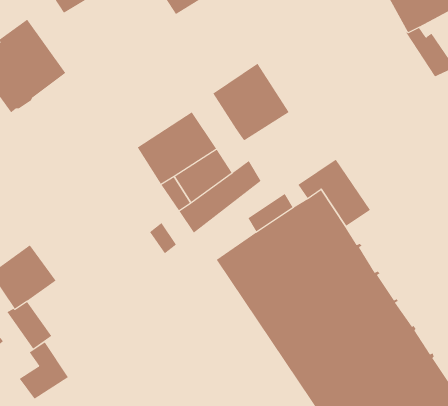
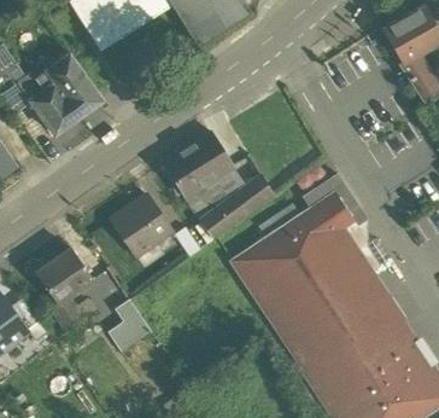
building: [212,63,290,141] -> none
building: none -> [111,196,171,255]
building: [19,341,69,399] -> [106,300,150,350]

